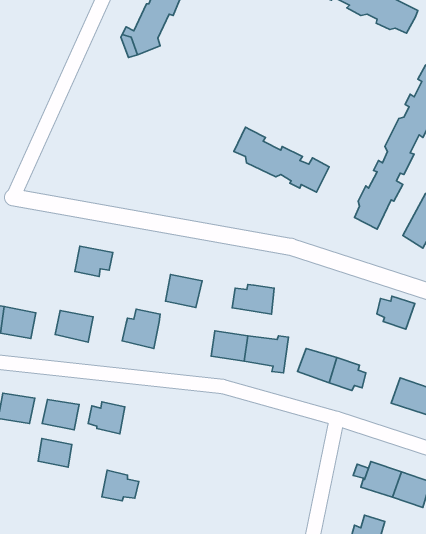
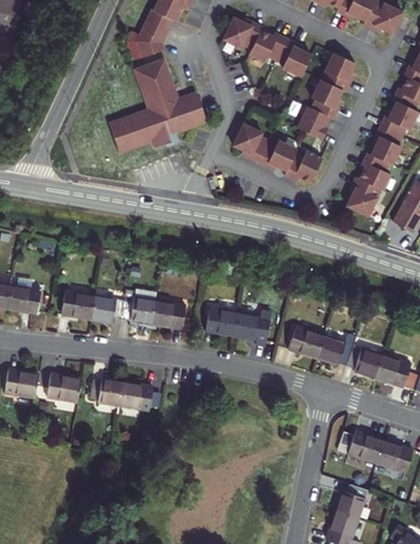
building: none -> [222,15,311,76]
building: none -> [297,51,356,139]
building: none -> [108,55,206,150]
building: [75,246,113,277] -> [95,298,131,327]
building: [165,274,202,307] -> [157,303,191,334]
building: [232,285,274,314] -> none
building: [377,296,415,329] -> [351,348,387,379]
building: [38,439,72,467] -> none
building: [102,470,139,501] -> [125,382,159,411]

